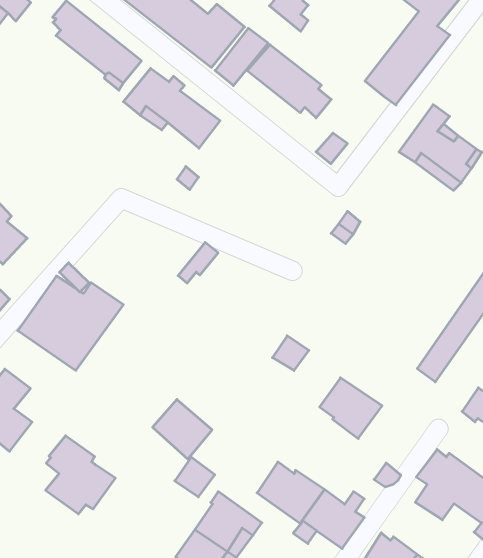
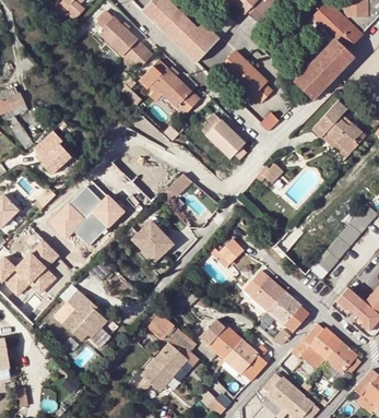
building: none -> [202,114,247,159]
building: [153,399,212,459] -> [134,225,173,264]
building: none -> [268,291,311,334]

